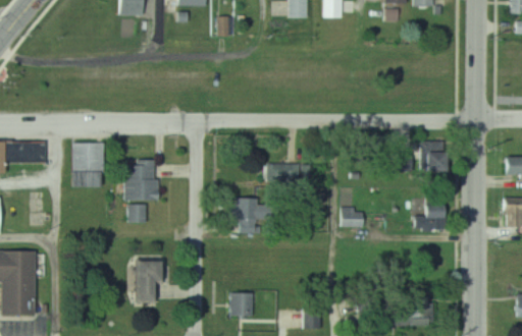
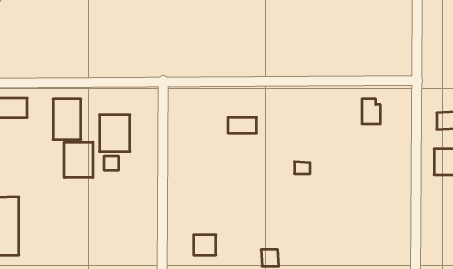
building: none -> [64,142,93,178]
building: [242,198,279,232] -> none
building: [412,205,443,231] -> none
building: [142,261,168,300] -> none
building: [402,299,431,324] -> none

